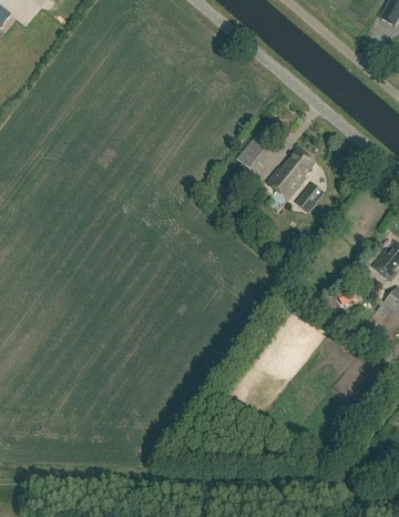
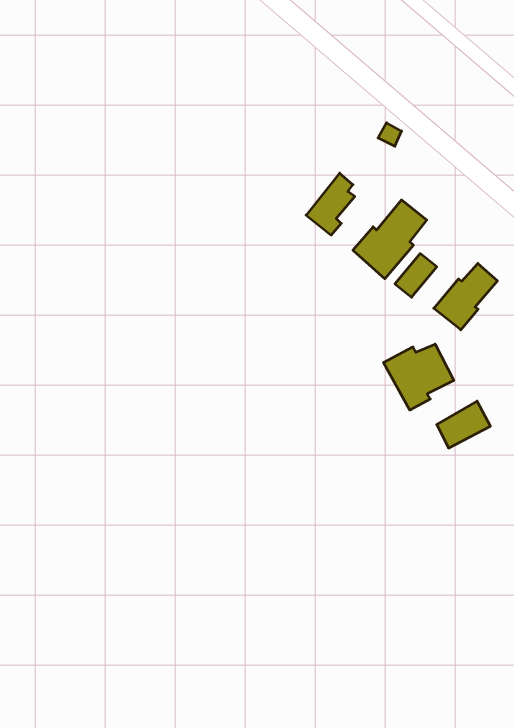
building: none -> [434,263,497,330]
building: none -> [384,344,454,410]

